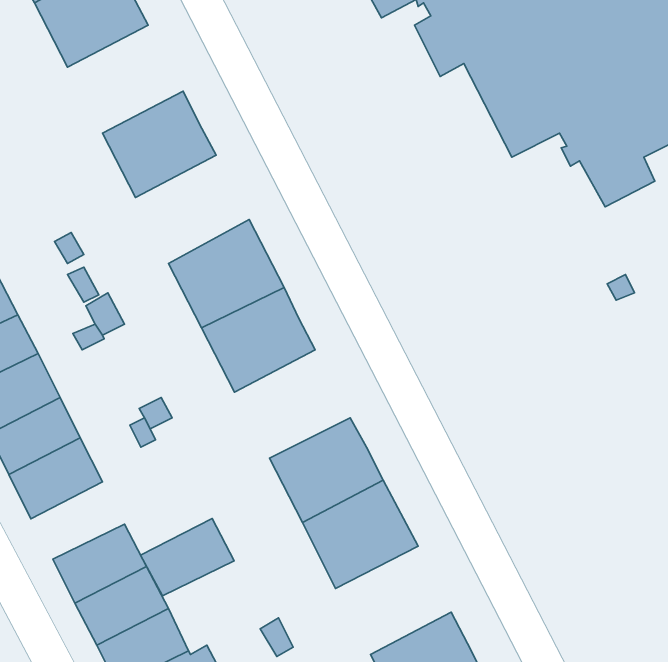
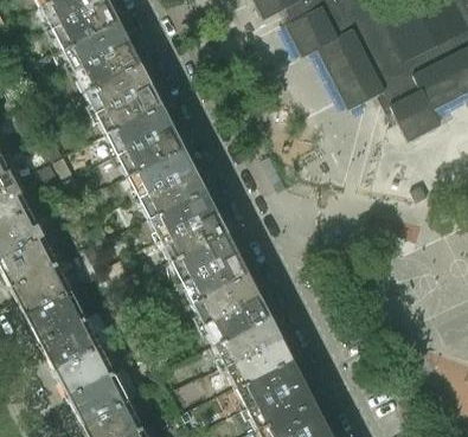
building: none -> [65,24,140,94]
building: none -> [91,108,182,178]
building: none -> [173,233,248,303]
building: [141,519,234,596] -> [41,319,102,368]
building: none -> [238,360,313,430]

